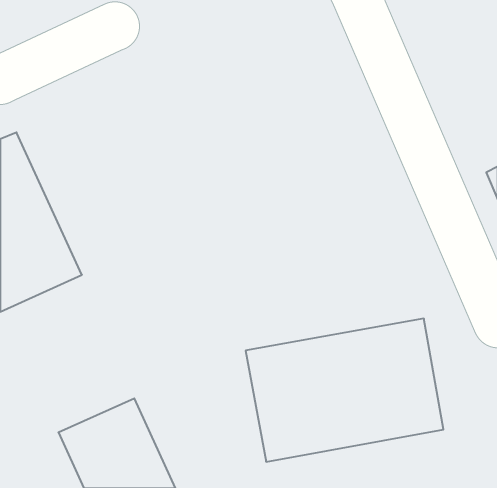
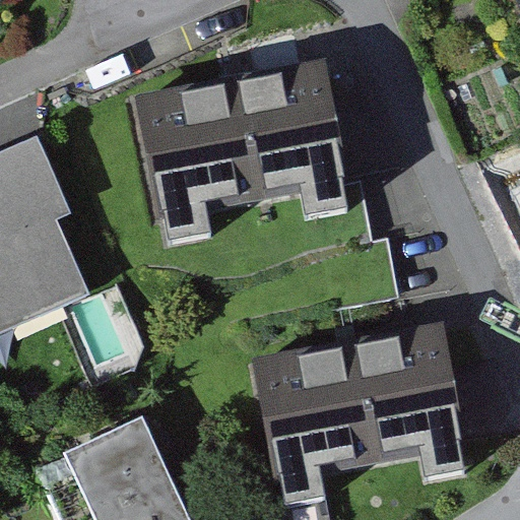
building: none -> [144,68,341,208]

